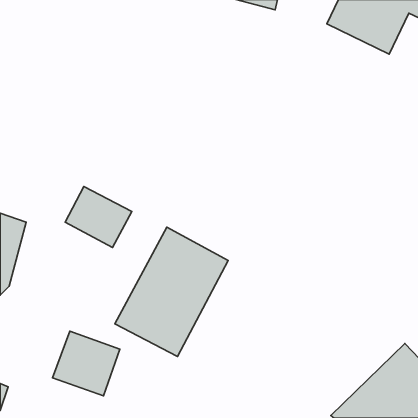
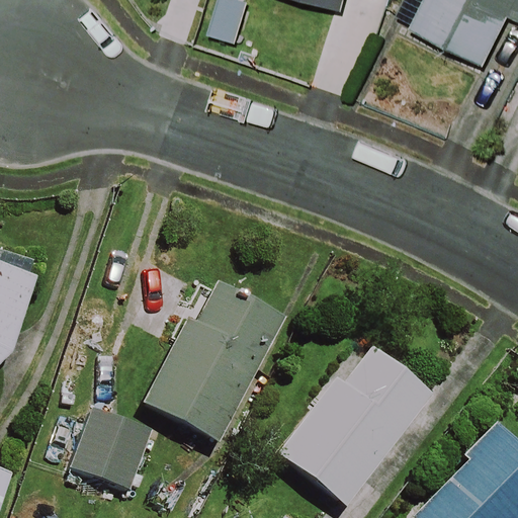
building: [65,186,132,248] -> none
building: none -> [280,345,435,504]

